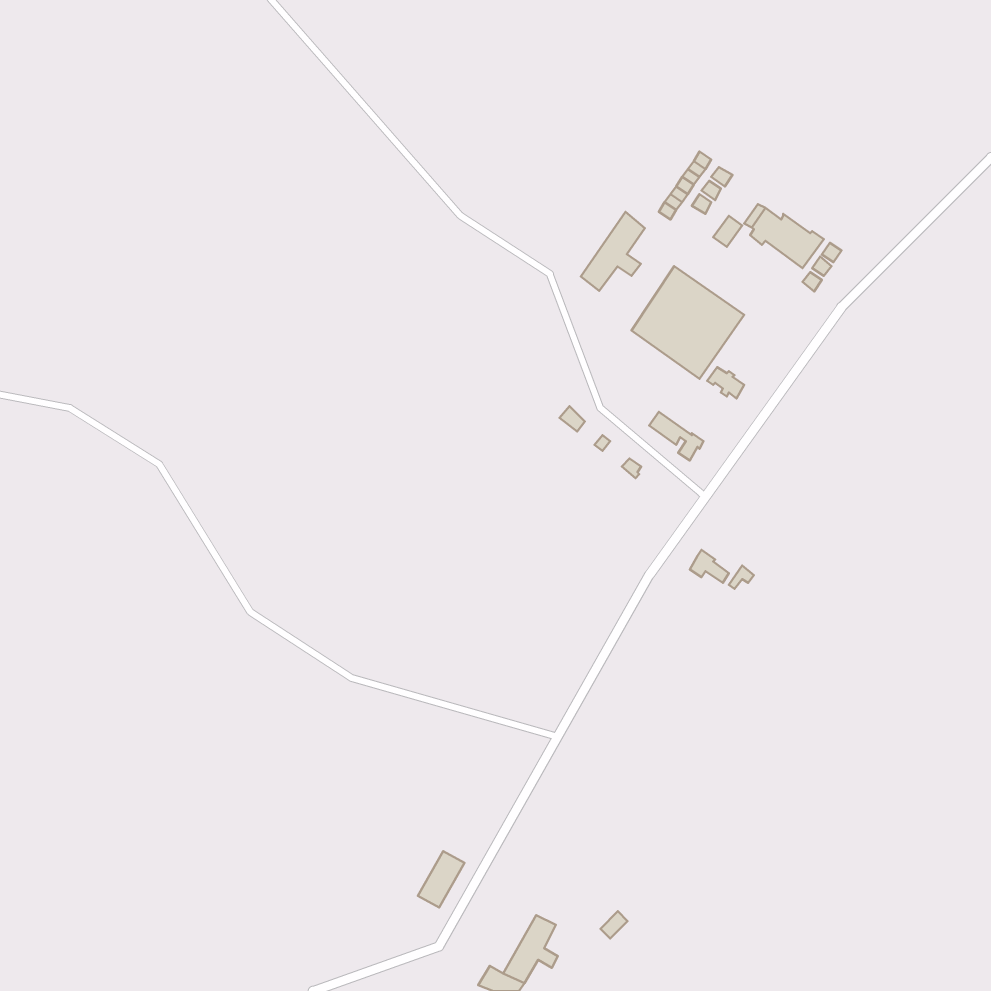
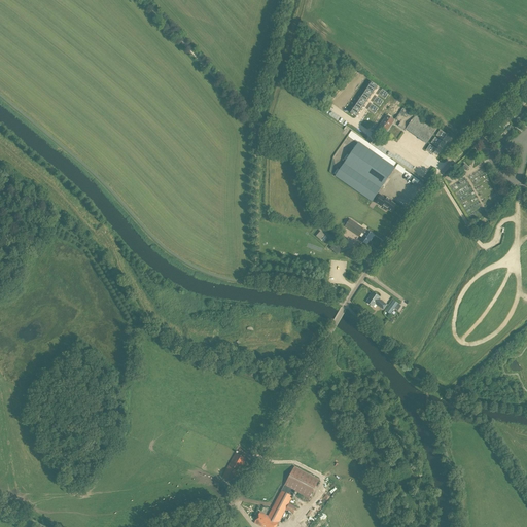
building: [581,212,645,291] -> none
building: none -> [284,465,318,497]

